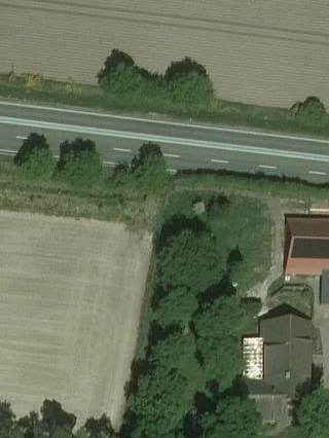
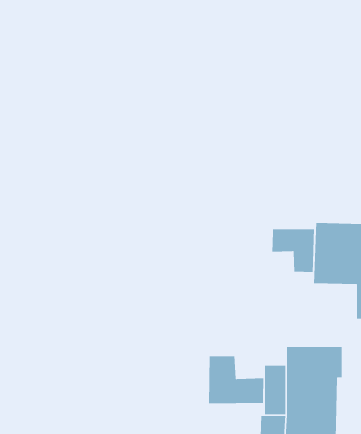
building: none -> [272,229,315,273]
building: none -> [208,356,264,404]

